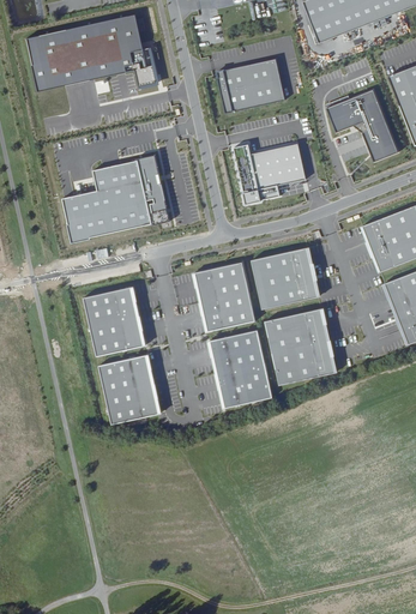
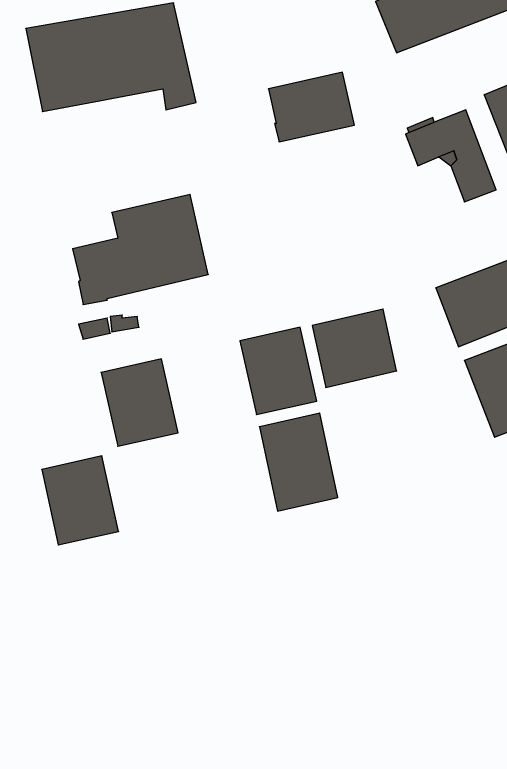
building: [234,143,306,203] -> none
building: [265,307,336,384] -> none
building: [98,353,159,423] -> [42,456,119,545]

